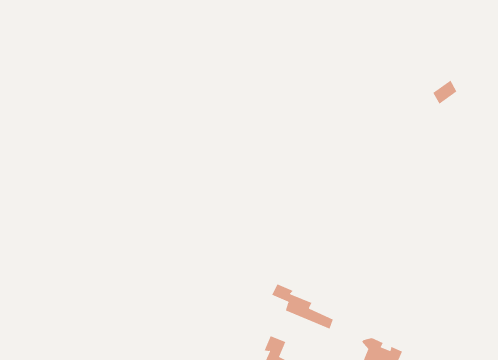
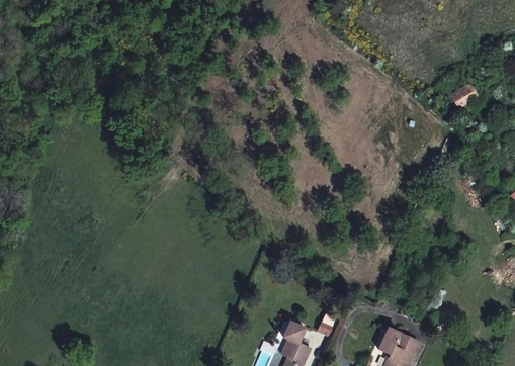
building: [272,283,333,330] -> none

